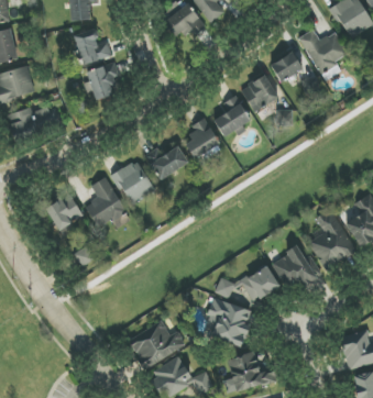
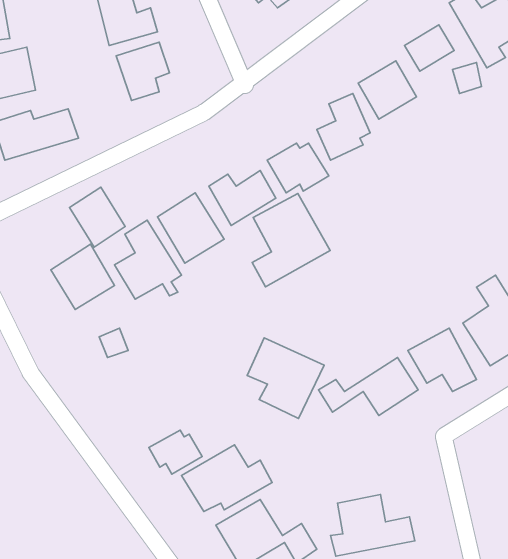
building: none -> [70,187,125,247]
building: none -> [252,194,330,287]
building: [205,296,254,347] -> [247,338,324,418]
building: none -> [149,430,202,474]

